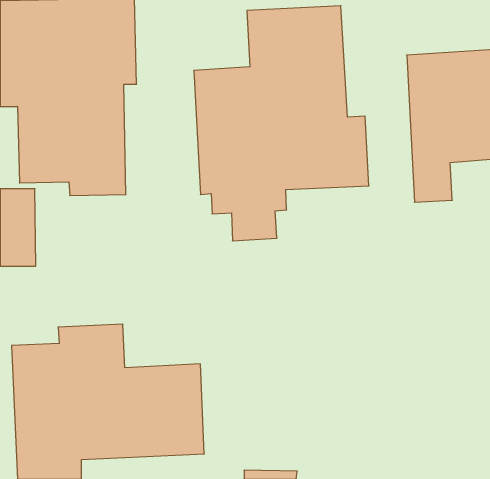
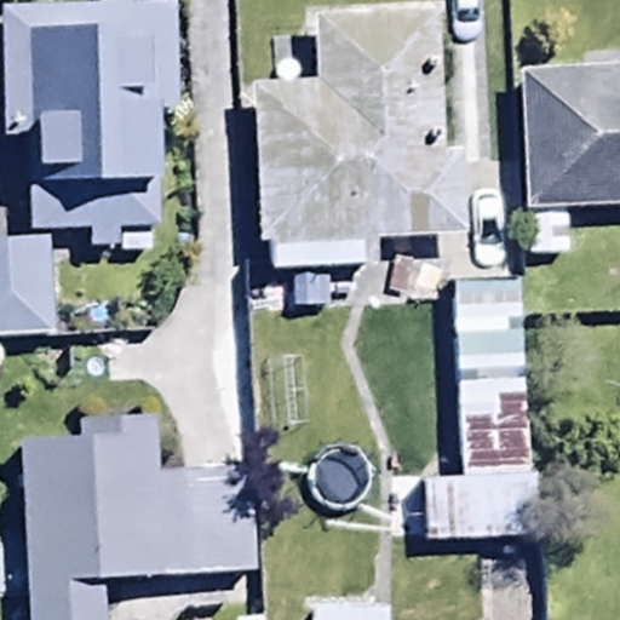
building: none -> [425,282,535,535]

